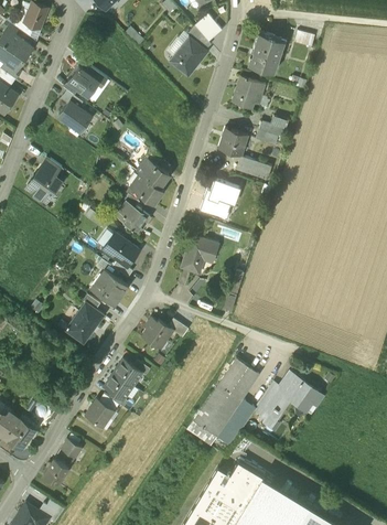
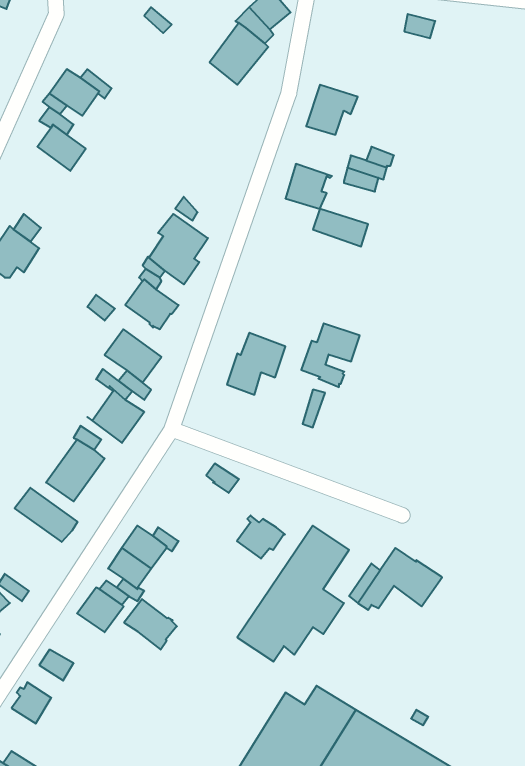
building: [247,33,281,74] -> none
building: [201,181,238,222] -> [301,323,360,387]
building: [142,320,173,347] -> [237,515,285,559]
building: none -> [15,488,77,542]
building: none -> [124,599,177,650]

